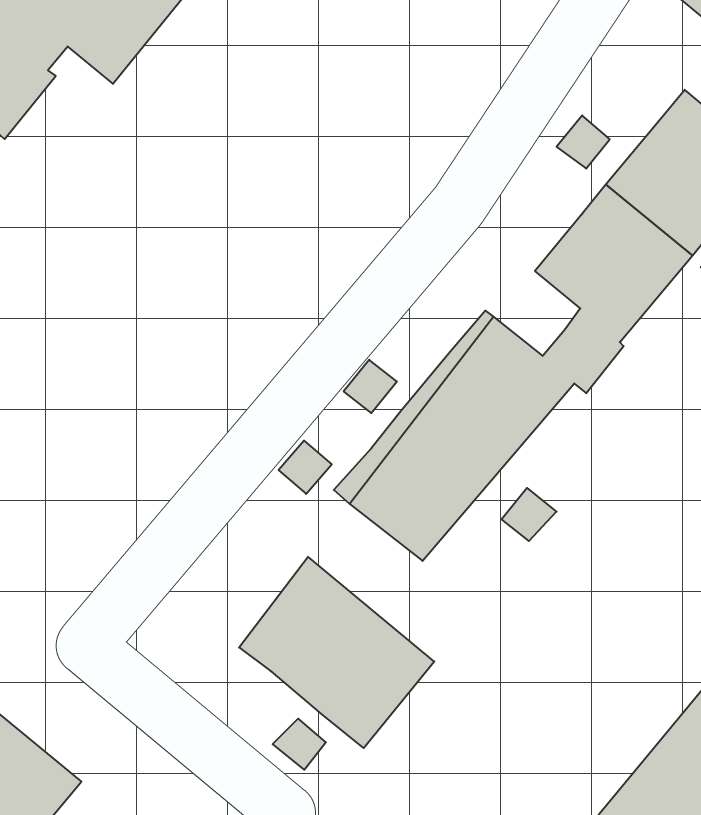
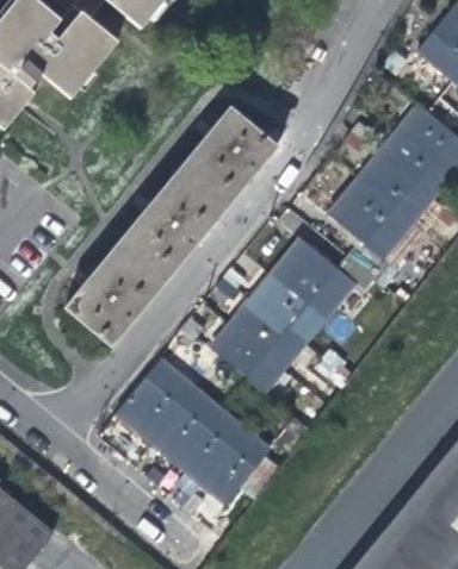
building: none -> [63,108,278,348]
building: none -> [114,359,192,442]

